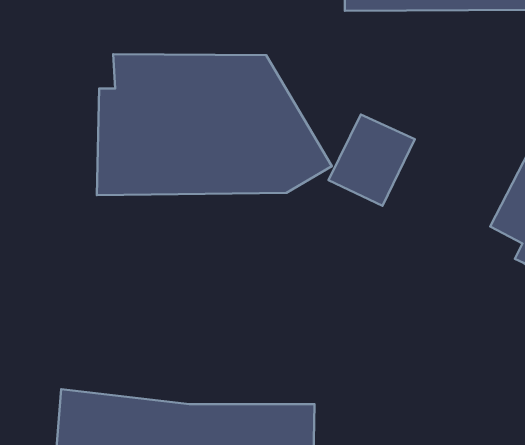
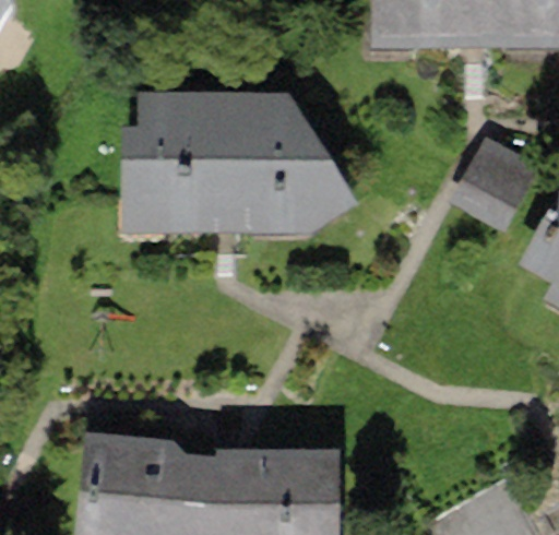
building: [329,114,415,206] -> [451,139,538,231]

